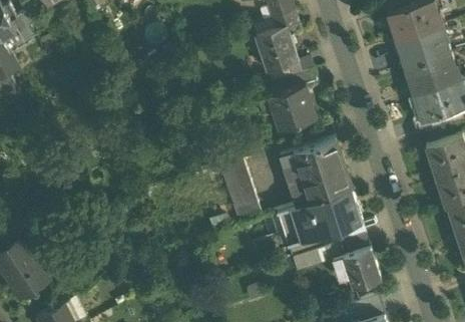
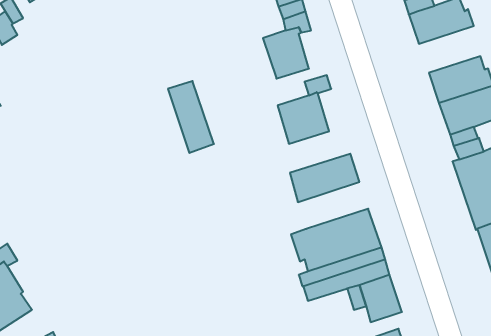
building: [395,26,450,68] -> none
building: [220,163,262,227] -> [168,81,214,153]
building: [287,166,350,208] -> none

